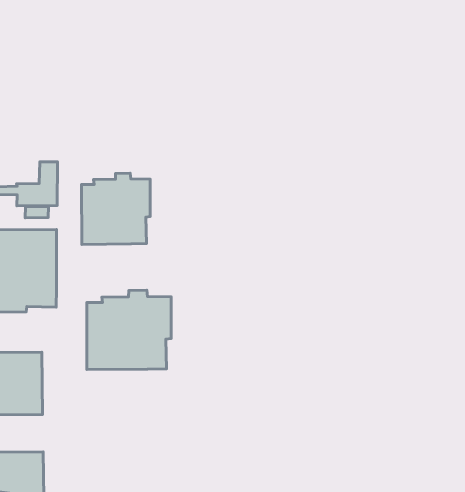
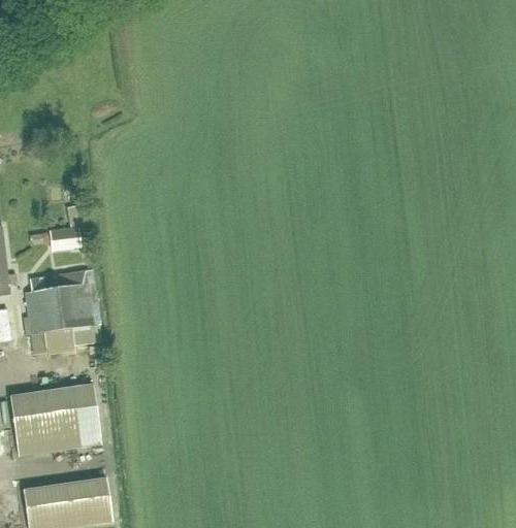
building: [82,173,150,244] -> none
building: [87,290,171,369] -> none

